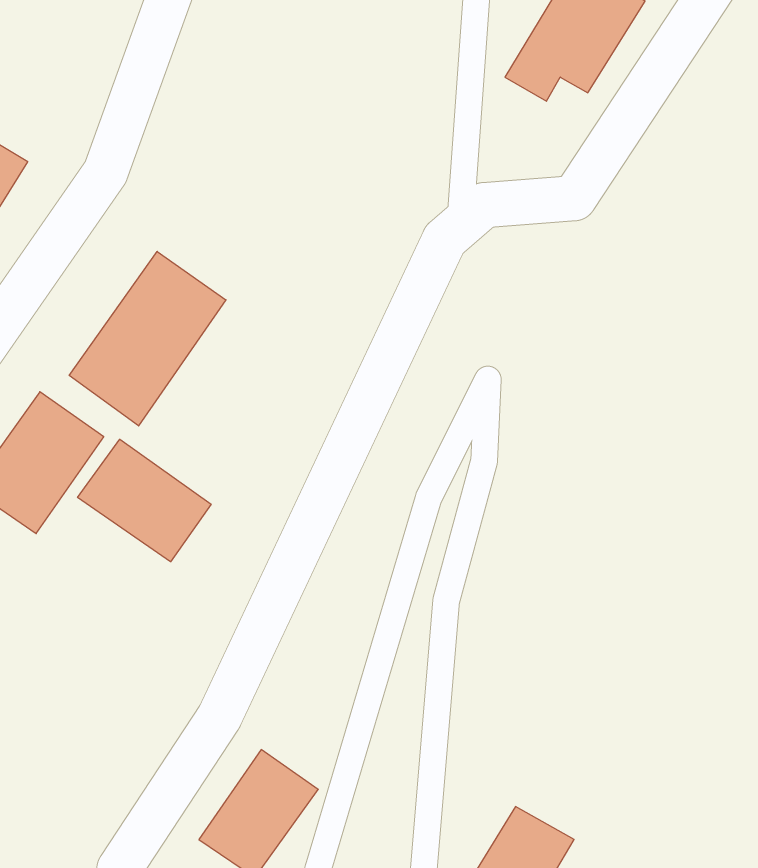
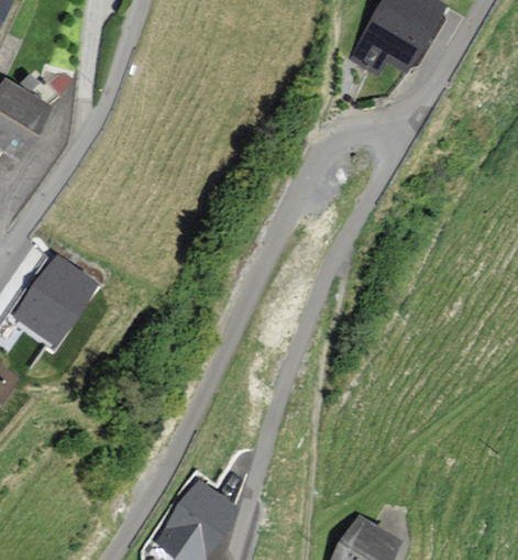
building: [69,251,226,426] -> none
building: [78,439,211,562] -> none

